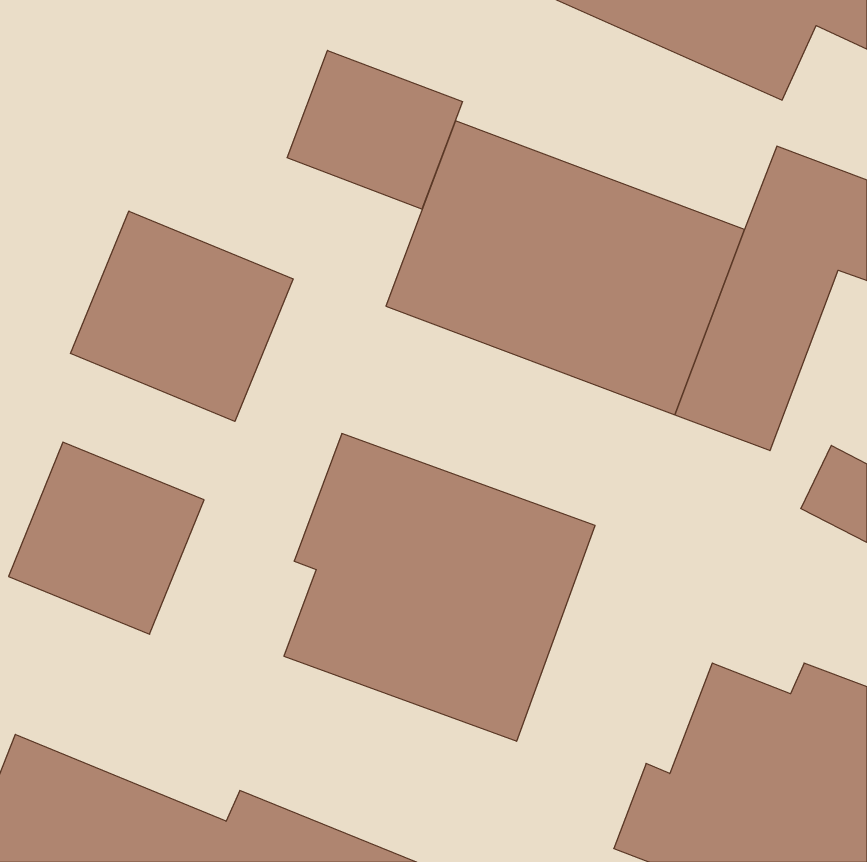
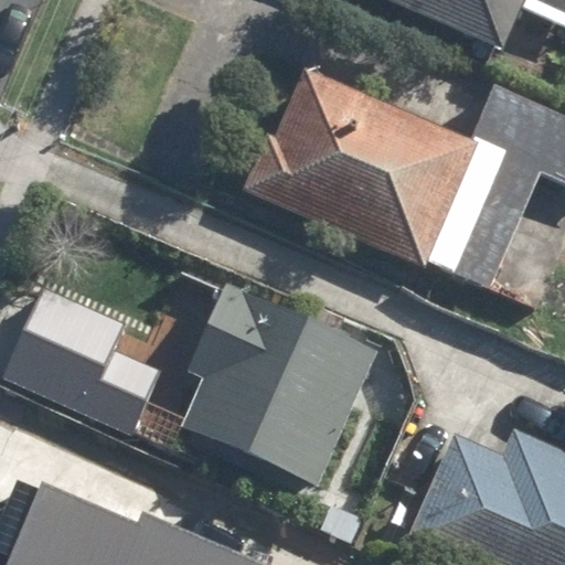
building: [287,50,462,209] -> none
building: [71,211,293,421] -> none

